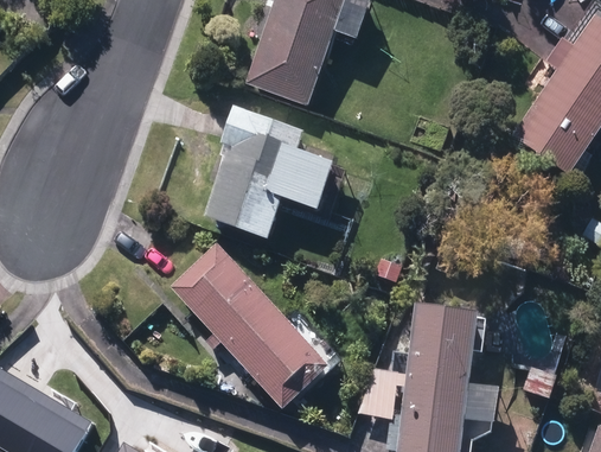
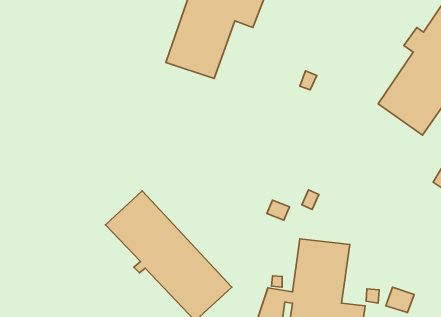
building: [204,110,335,240] -> none

